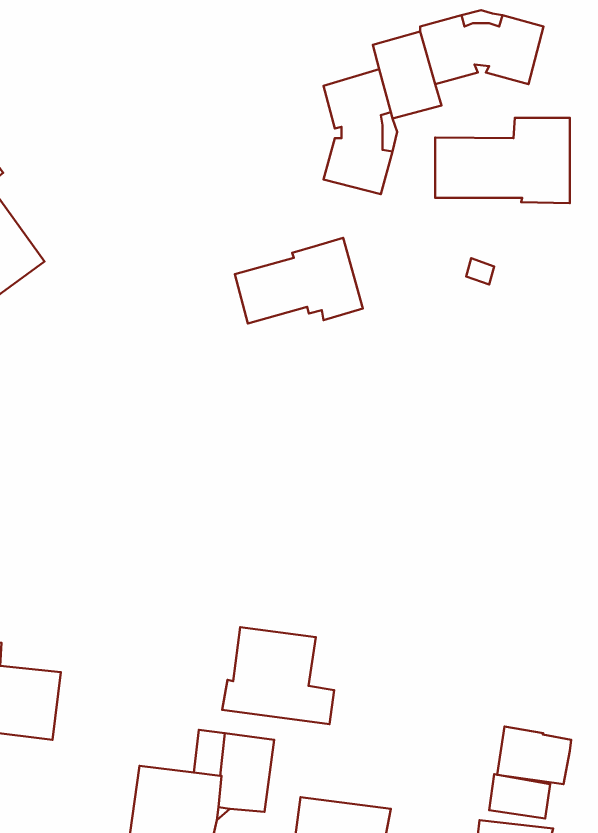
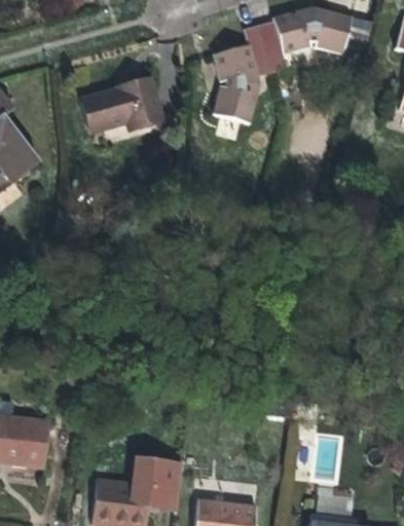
building: [435,118,570,203] -> none
building: [235,238,363,323] -> [81,78,161,132]
building: [222,627,334,724] -> none
building: [497,727,571,784] -> none

